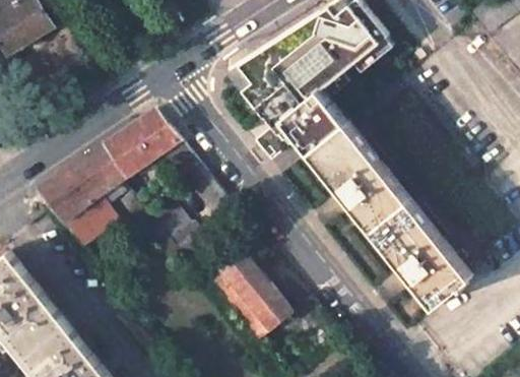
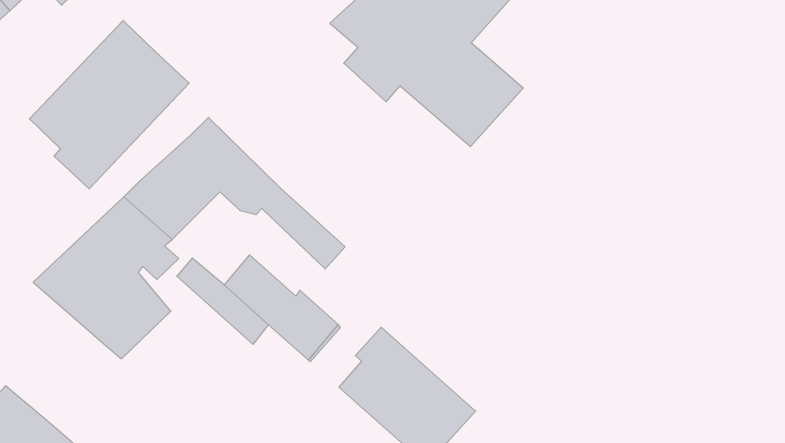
building: none -> [29,20,189,189]
building: [312,125,472,309] -> none

